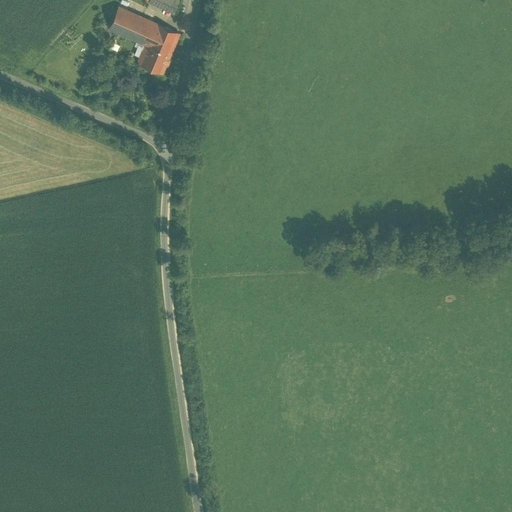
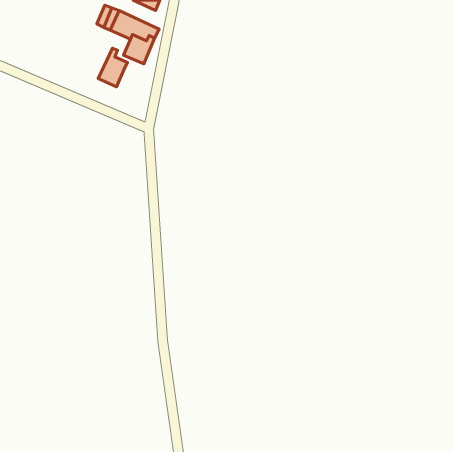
building: none -> [98,48,127,87]

